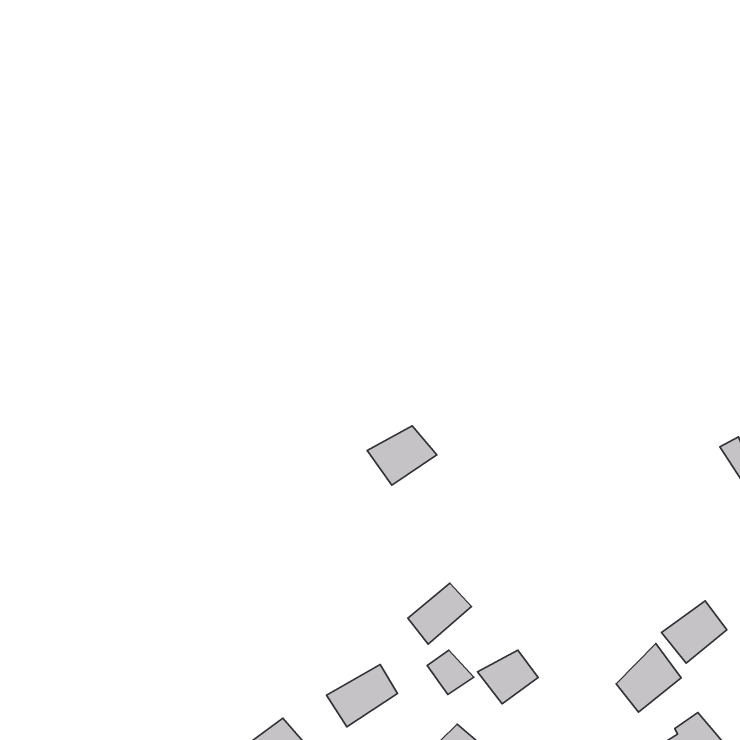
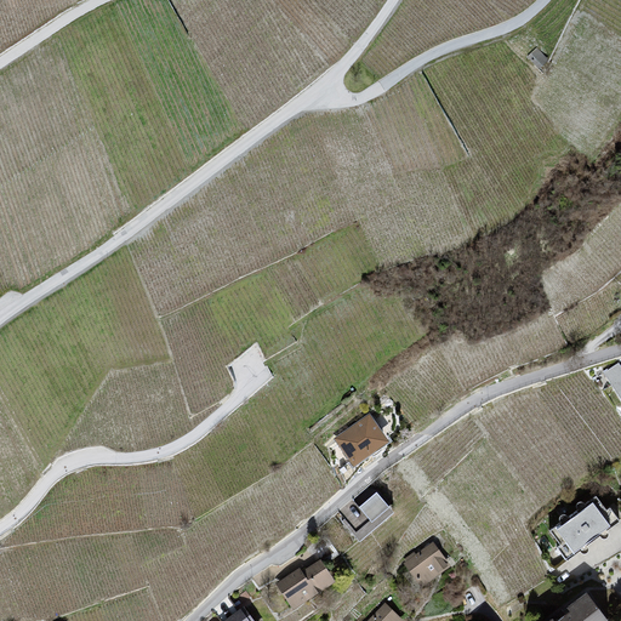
building: [367,426,437,485] -> [331,415,389,465]
building: [616,644,681,712] -> none
building: [427,650,474,694] -> none

